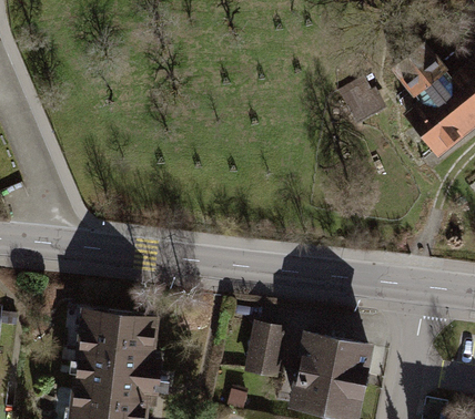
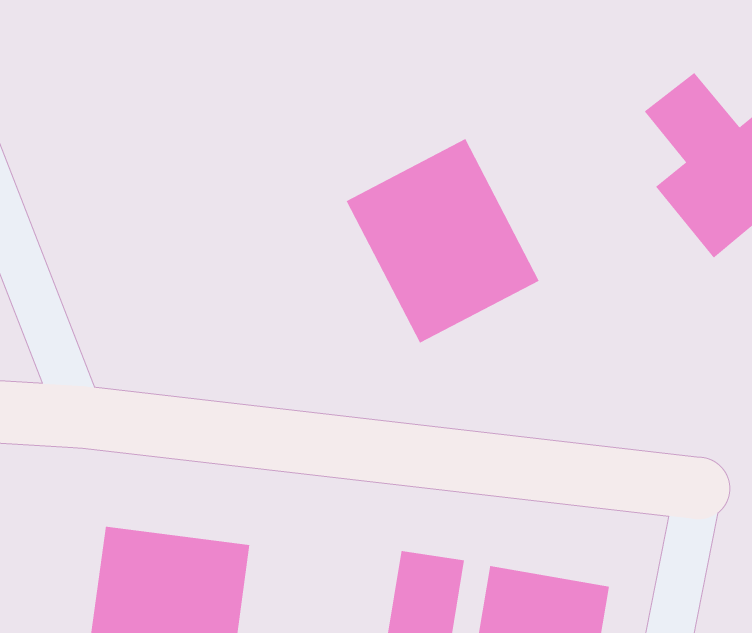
building: [338,75,385,123] -> none
building: none -> [346,138,539,344]

